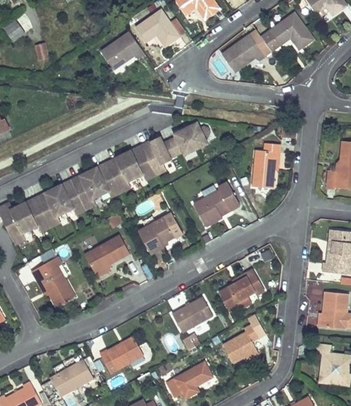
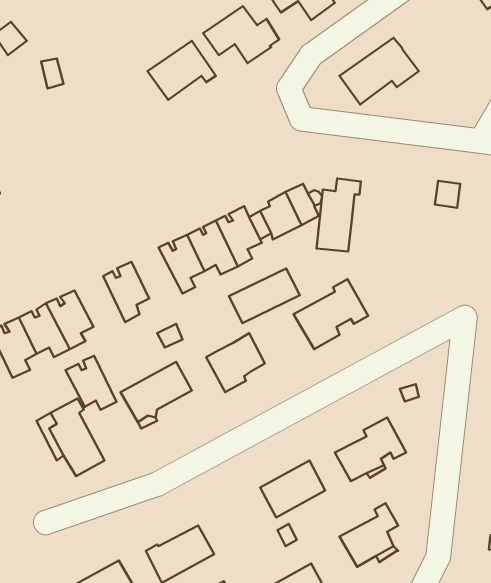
building: [261,12,313,51] -> none
building: [252,142,280,188] -> [317,178,361,252]
building: [91,162,123,197] -> none
building: none -> [229,269,300,323]
building: [55,180,87,214] -> [66,356,116,410]

